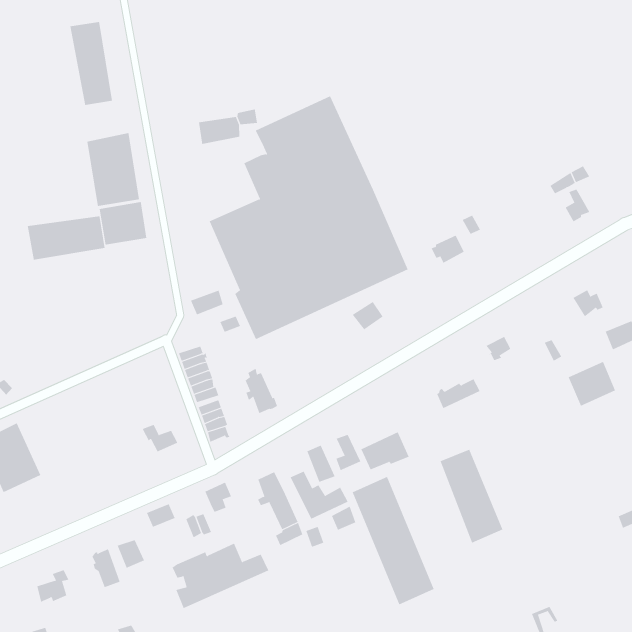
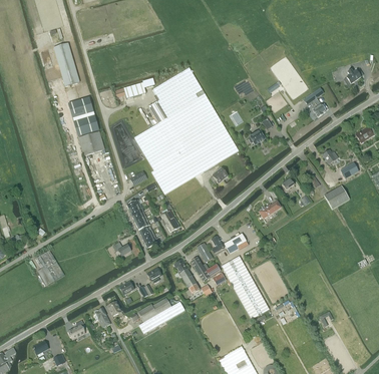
building: [27,215,105,260] -> none
building: [440,449,503,543] -> none

